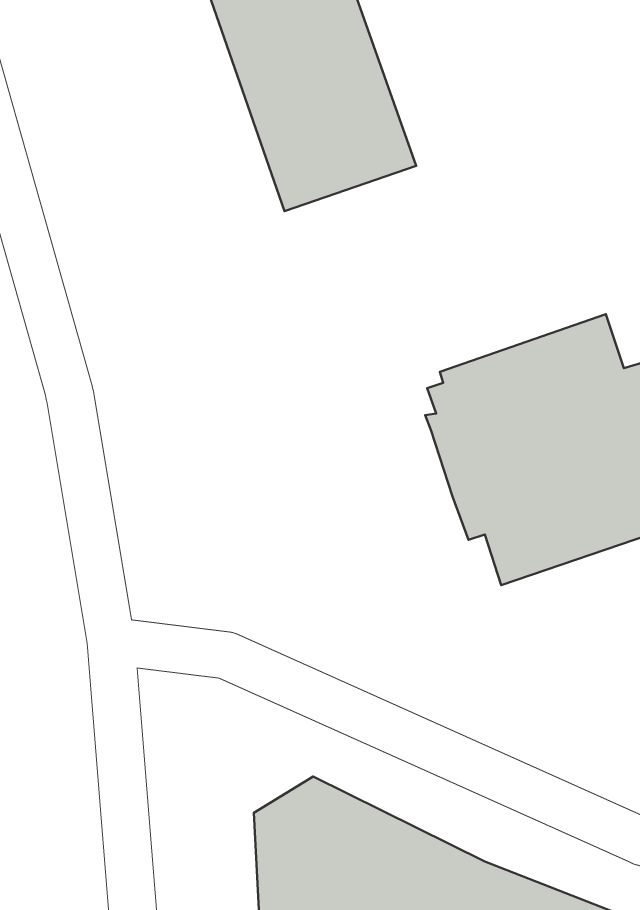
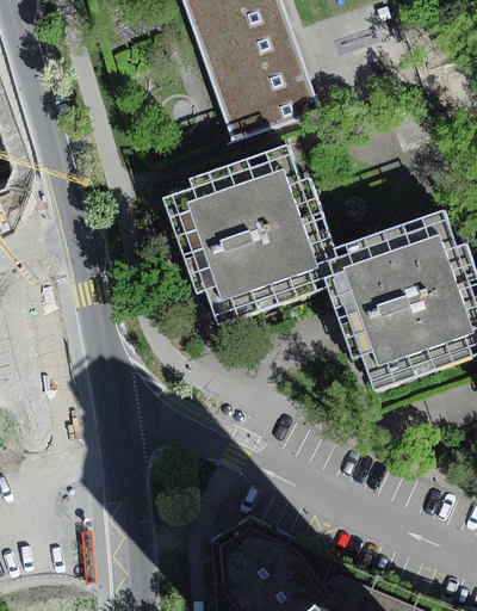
building: none -> [161,144,336,325]

